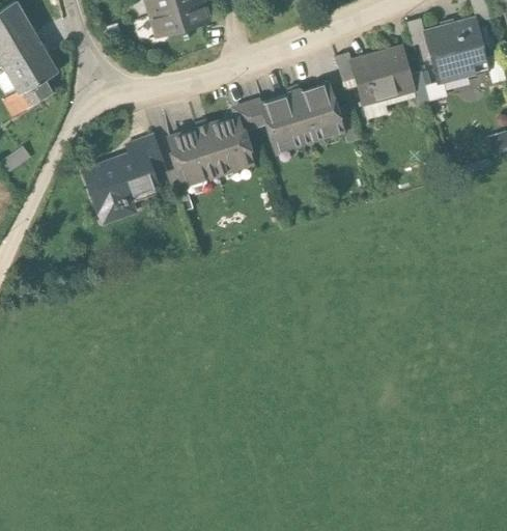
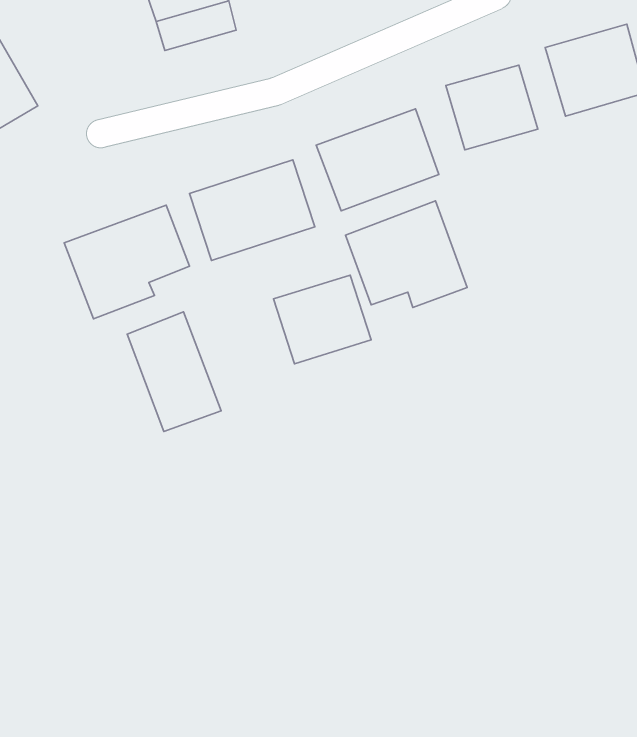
building: none -> [346,201,467,308]
building: none -> [274,275,371,364]
building: none -> [127,312,221,432]

